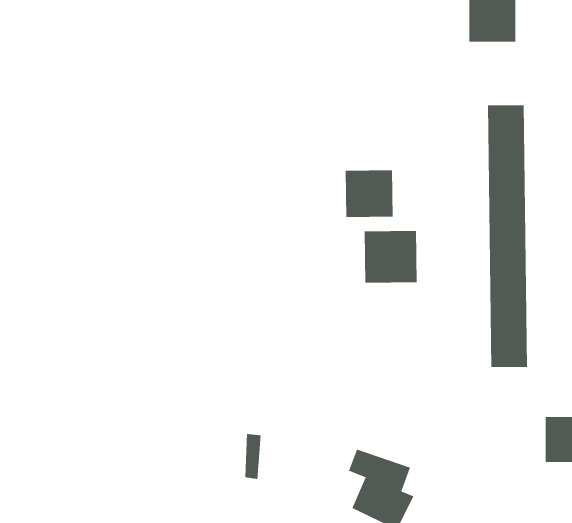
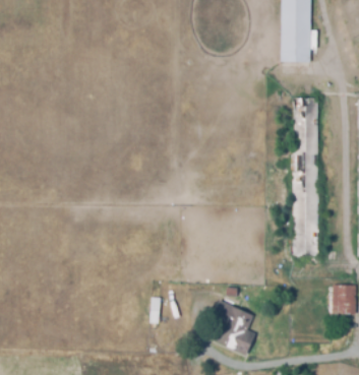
building: [345,170,393,218] -> none
building: [364,230,417,284] -> none

